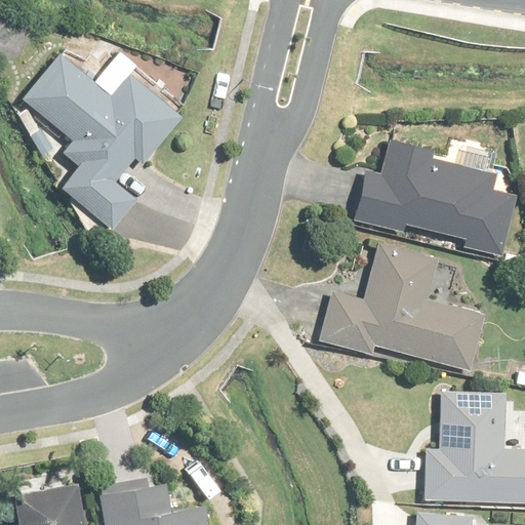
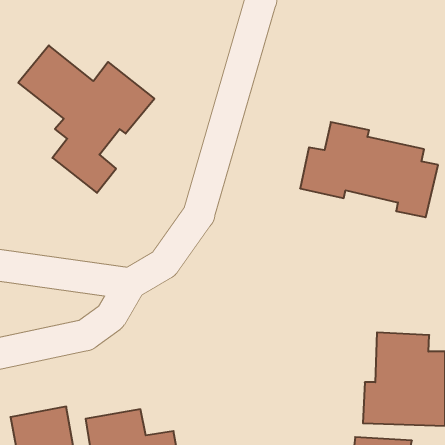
building: [319,249,478,367] -> none

